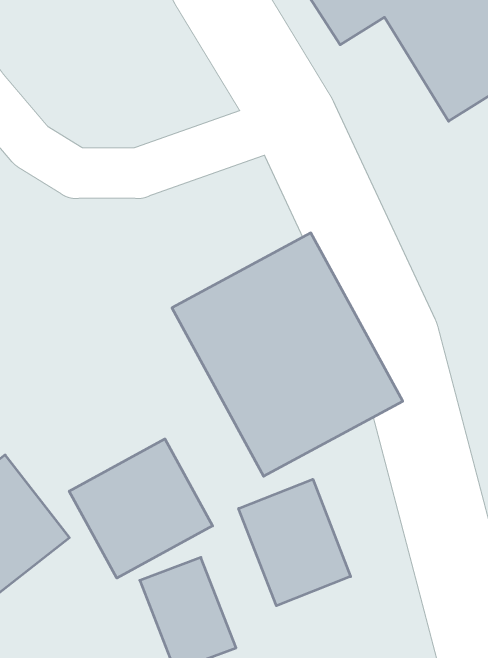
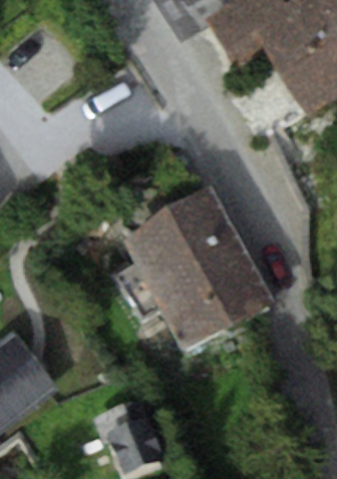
building: [69,439,213,578] -> none
building: [239,479,351,606] -> none

